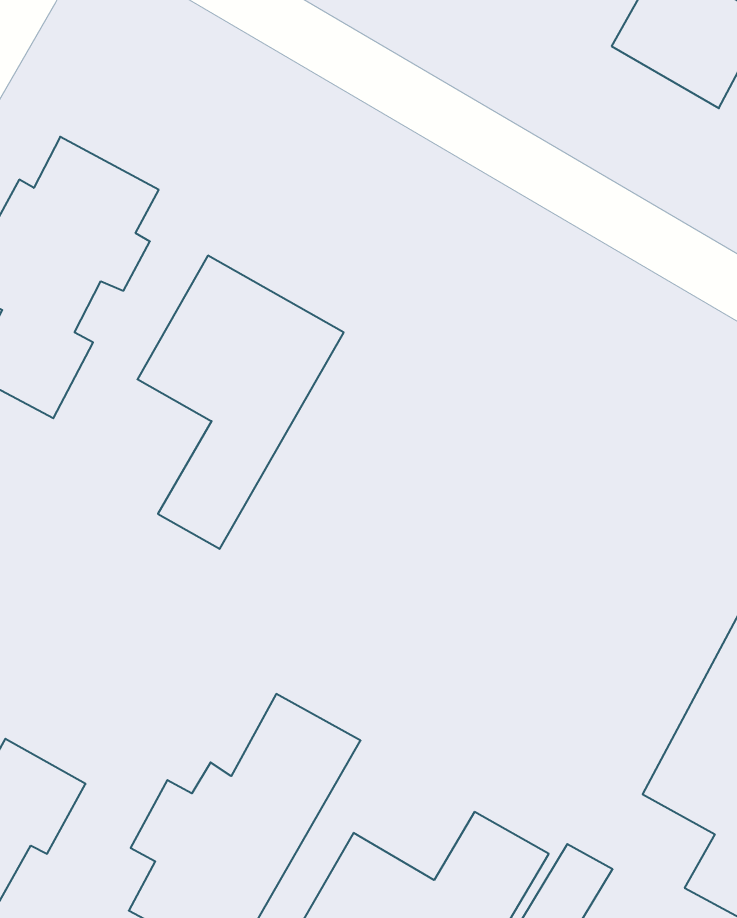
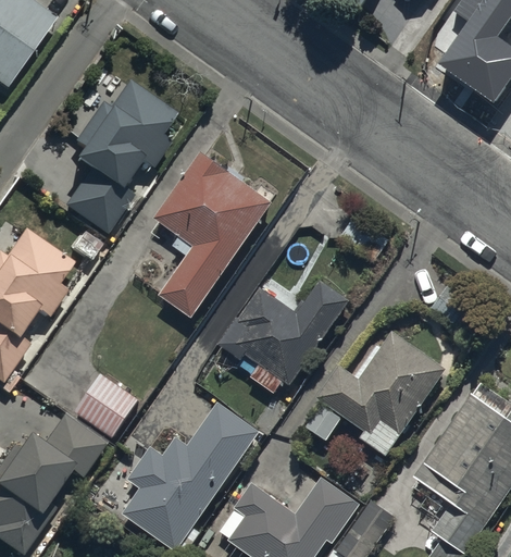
building: none -> [217,276,353,394]
building: none -> [316,331,448,456]
building: none -> [76,373,138,436]

